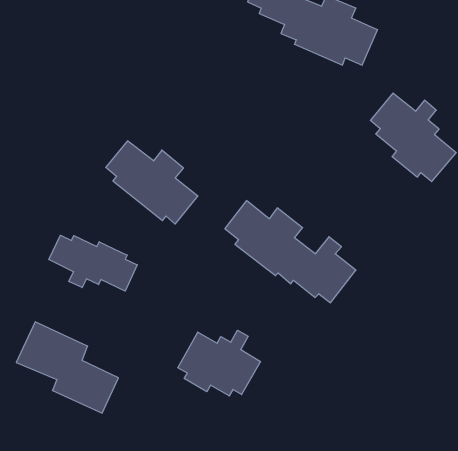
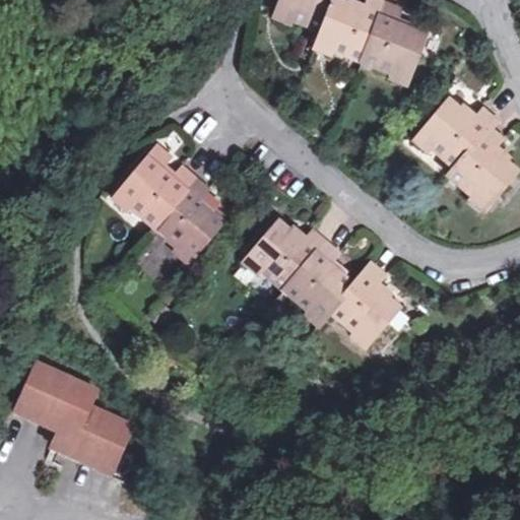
building: [49,235,137,291] -> none
building: [178,330,260,396] -> none

